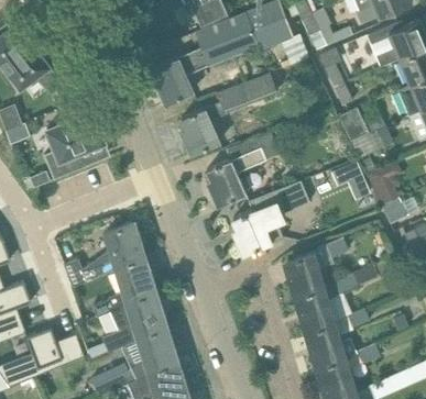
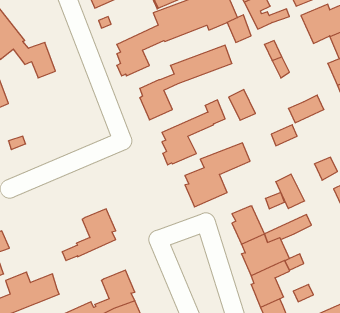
building: [338,107,369,142] -> [229,90,255,120]
building: [43,111,103,180] -> none
building: [365,166,398,206] -> [276,174,305,209]
building: [62,222,142,287] -> none
building: [86,292,164,359] -> none

